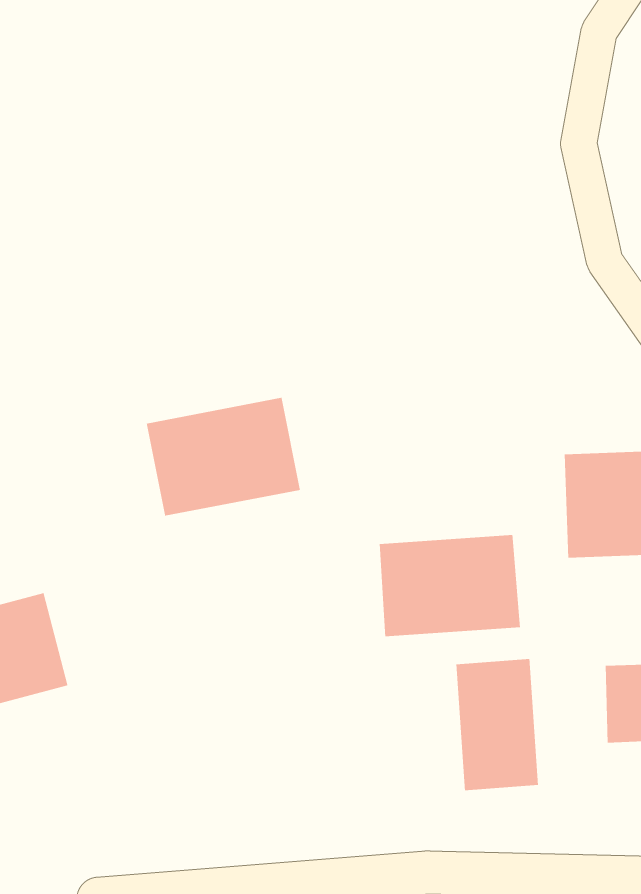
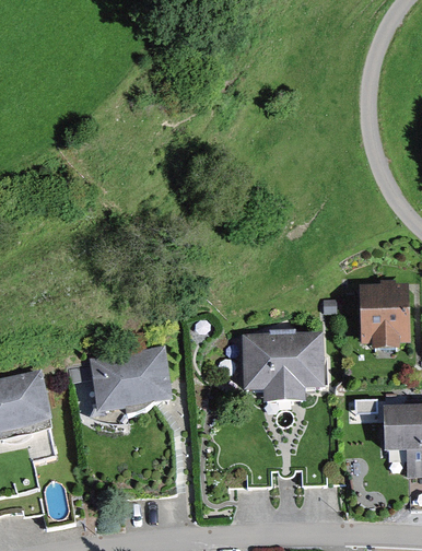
building: [146,397,301,517] -> [90,345,180,415]
building: [455,658,539,791] -> none

